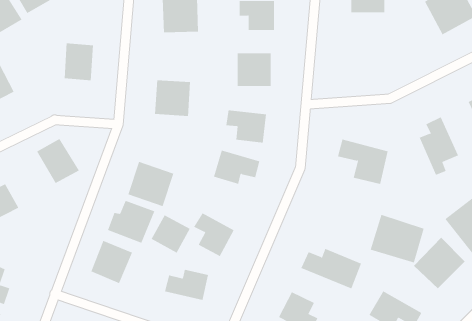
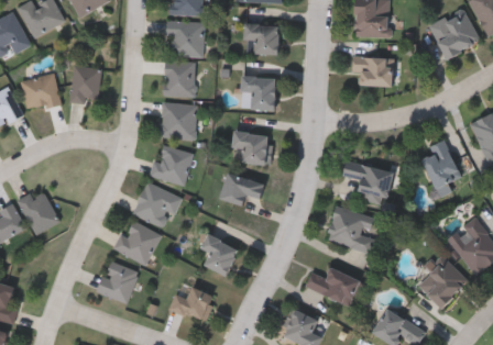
building: none -> [351,56,391,85]
building: none -> [165,62,196,96]
building: none -> [21,73,62,112]
building: none -> [151,143,194,186]
building: [36,138,80,184] -> [19,189,62,234]
building: [370,214,424,263] -> [326,205,380,254]
building: [151,214,191,254] -> none

